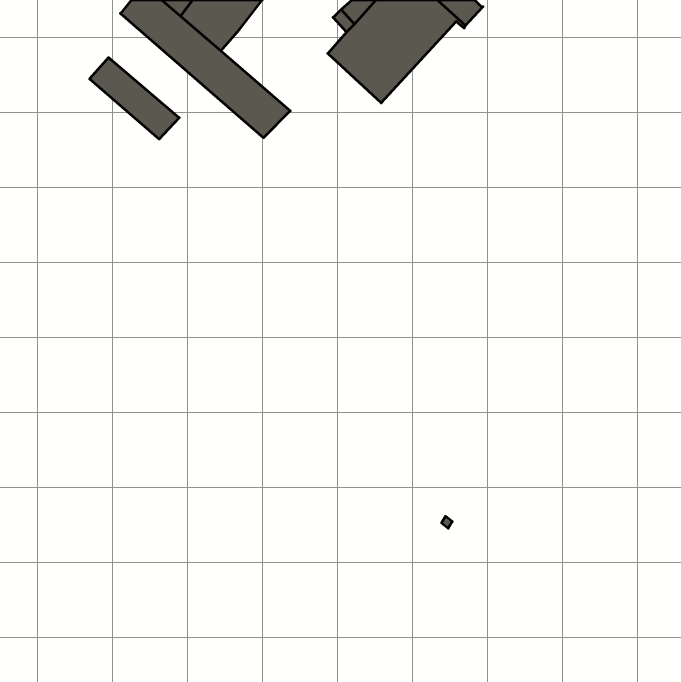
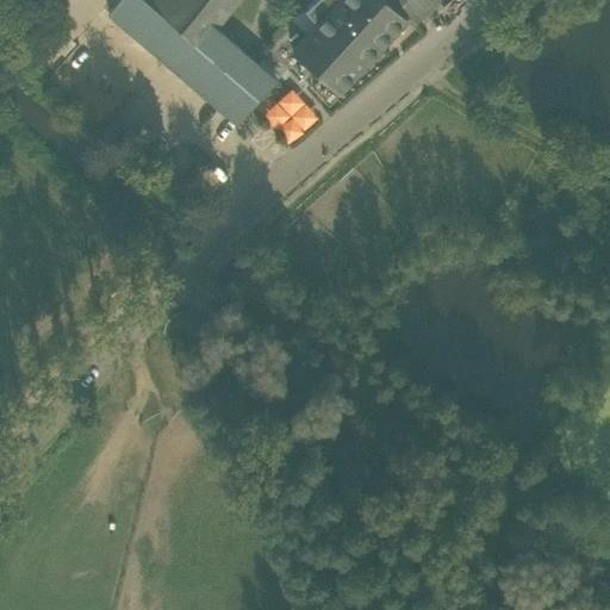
building: [90,58,179,139] -> [199,27,279,100]
building: none -> [261,87,316,142]

